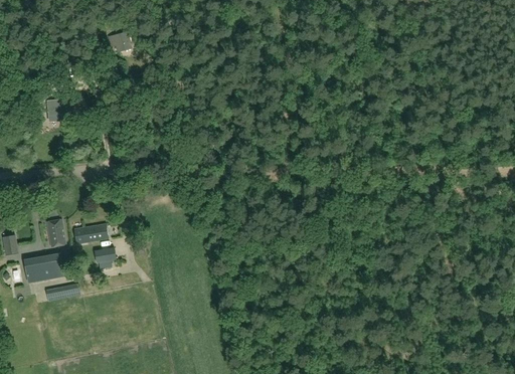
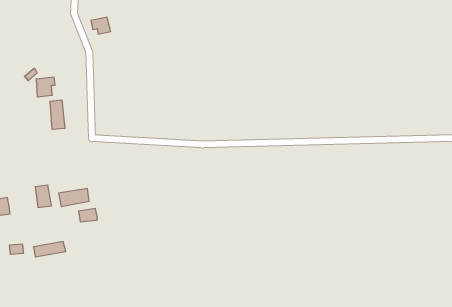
building: none -> [50,100,65,129]
building: [23,253,63,282] -> none

